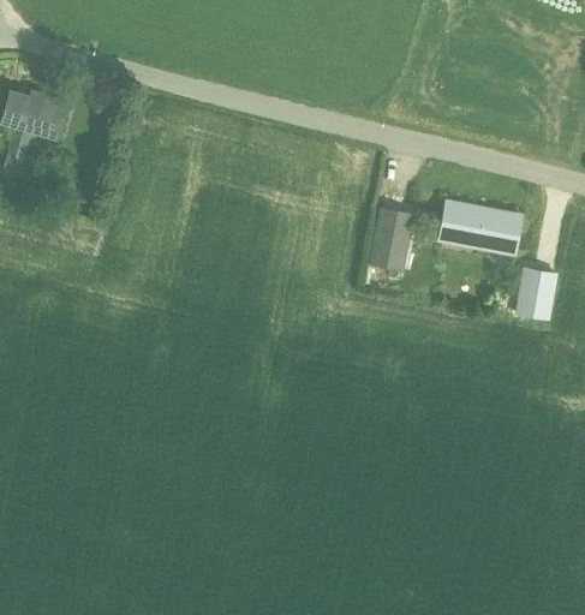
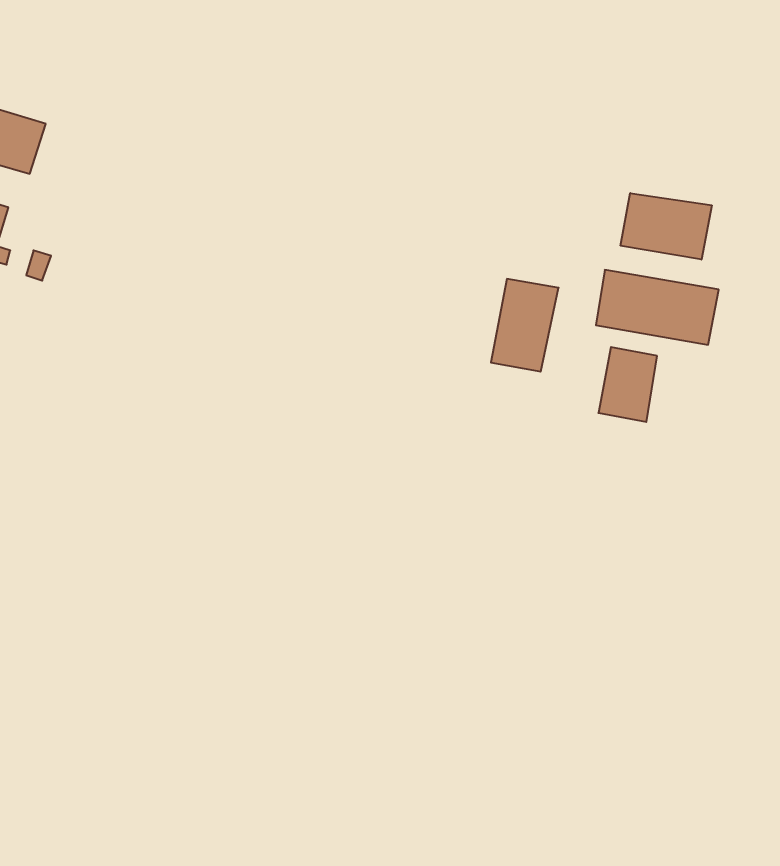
building: none -> [621,193,712,260]
building: [515,267,555,317] -> [598,347,657,422]

